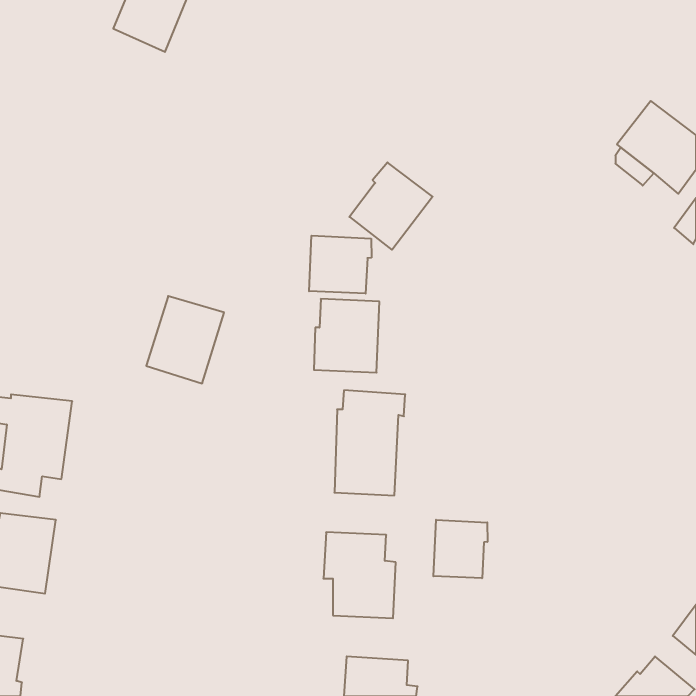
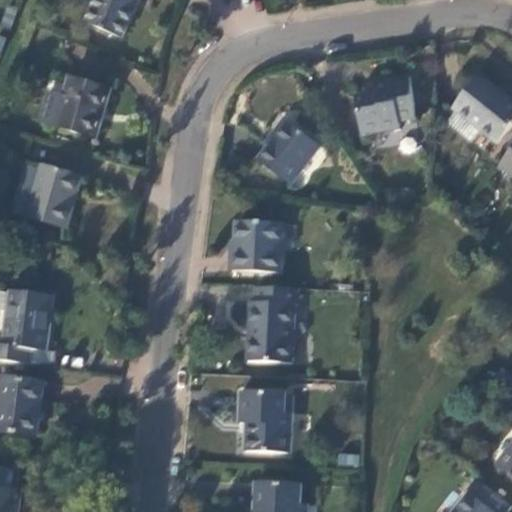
building: none -> [354,73,415,134]
building: none -> [39,74,110,139]
building: [309,236,371,294] -> none
building: [146,296,224,383] -> [24,164,81,228]
building: [433,520,487,578] -> none

